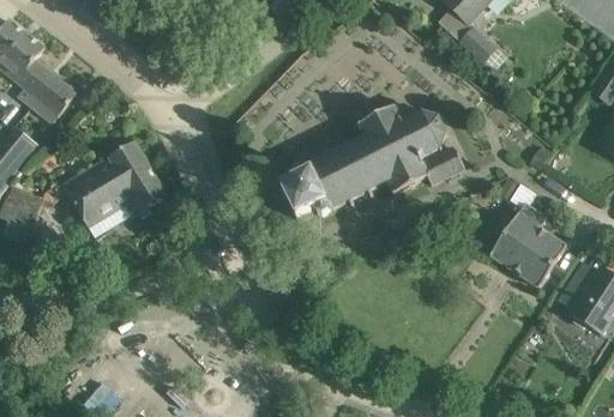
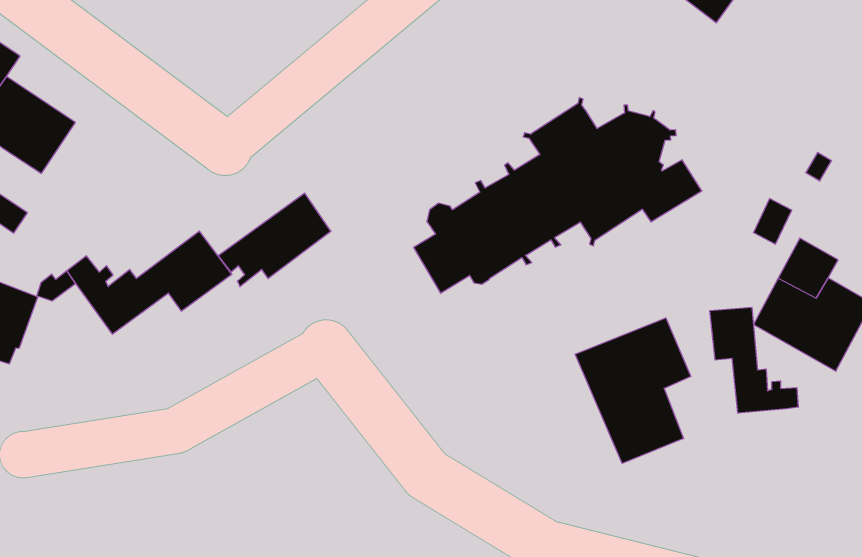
building: [77,140,149,195] -> [218,193,331,287]
building: none -> [710,307,798,413]
building: none -> [575,318,691,463]

